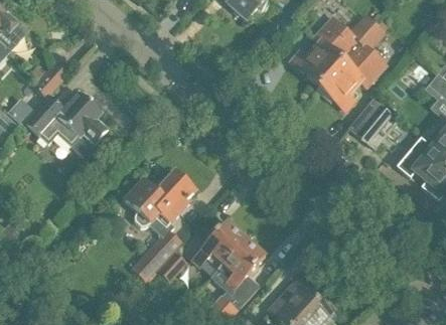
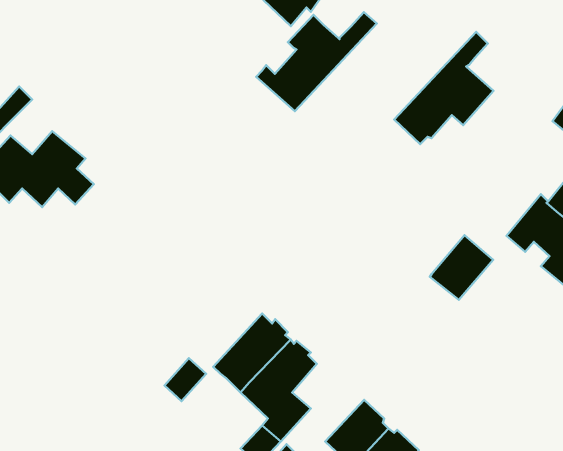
building: [291,15,376,85] -> [256,12,377,111]
building: [347,99,392,144] -> [430,235,493,300]
building: [125,171,195,280] -> none

